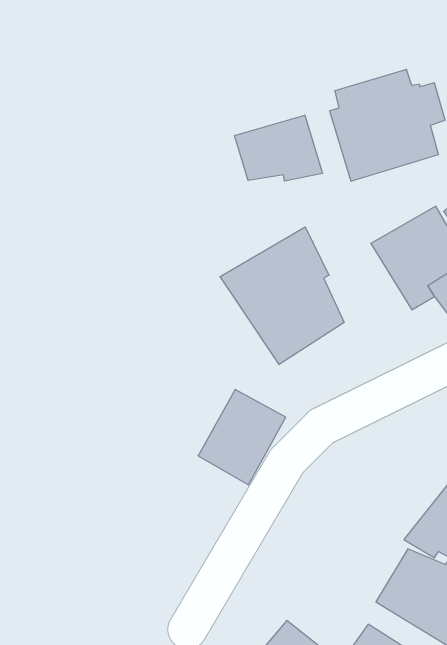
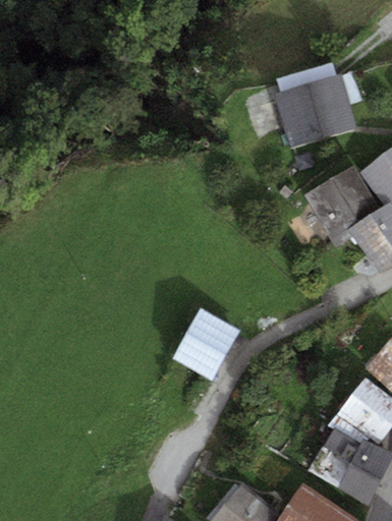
building: [234,115,322,181] -> none
building: [220,227,344,365] -> none

